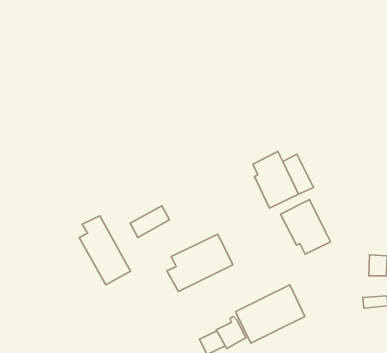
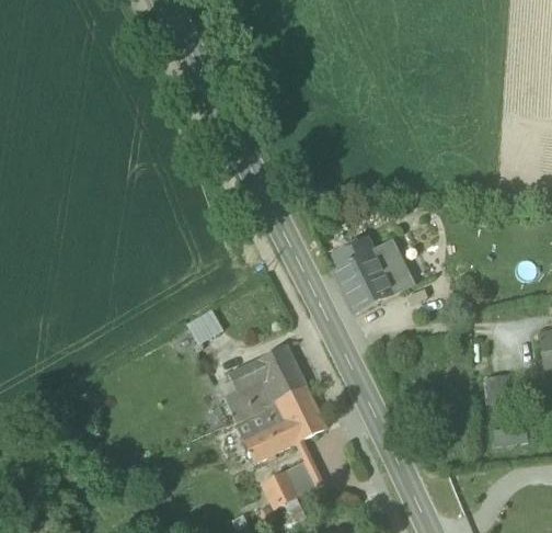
building: [280,200,330,254] -> none
building: [79,216,130,285] -> none
building: [236,285,305,343] -> [235,385,326,462]

